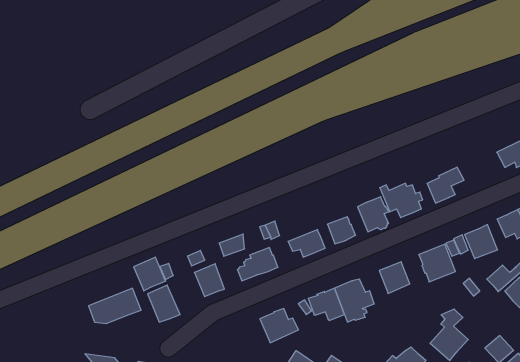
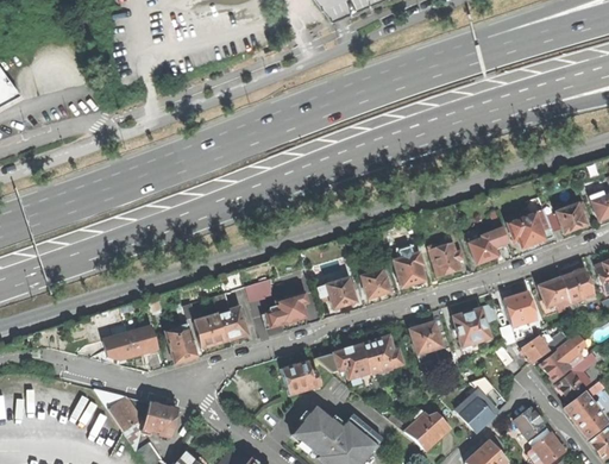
building: none -> [507,211,553,249]
building: [134,257,166,291] -> [193,314,225,349]

